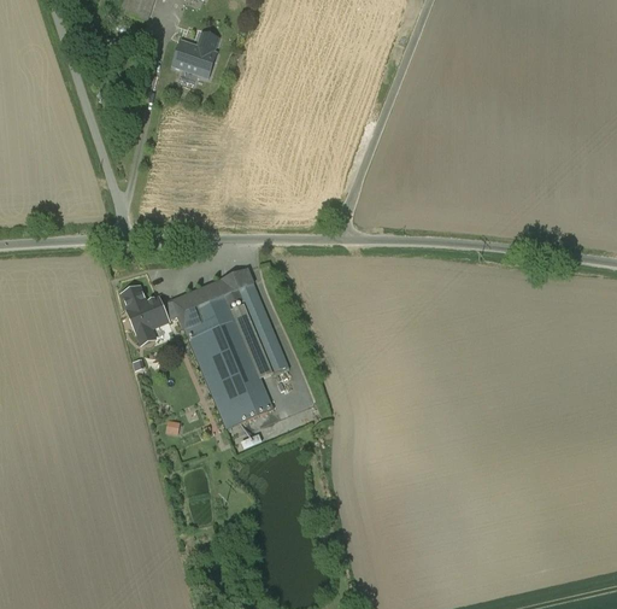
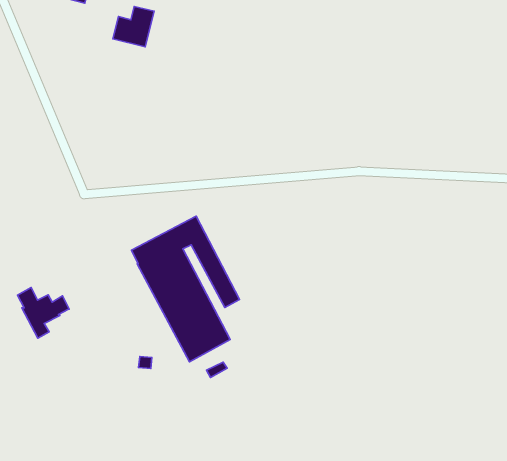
building: [123,286,178,342] -> [18,288,69,338]

